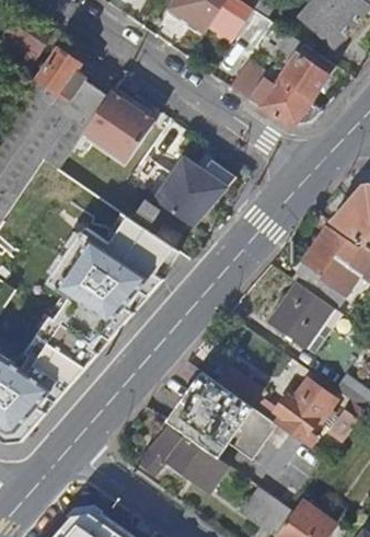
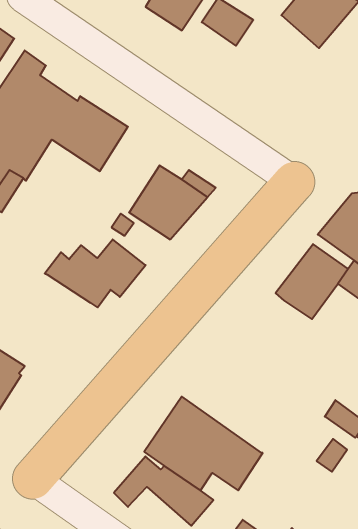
building: [229,32,335,122] -> none
building: [53,257,118,320] -> none
building: [271,281,333,343] -> none
building: [276,380,336,445] -> none

